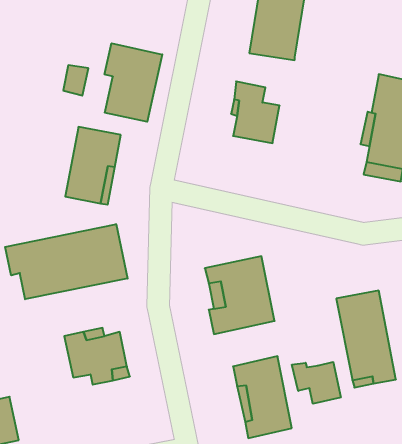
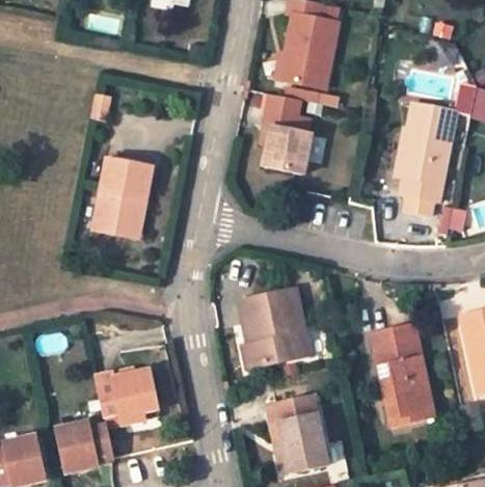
building: [105,43,162,122] -> none
building: [5,224,128,299] -> none
building: [292,362,341,404] -> none
building: none -> [55,416,111,469]

